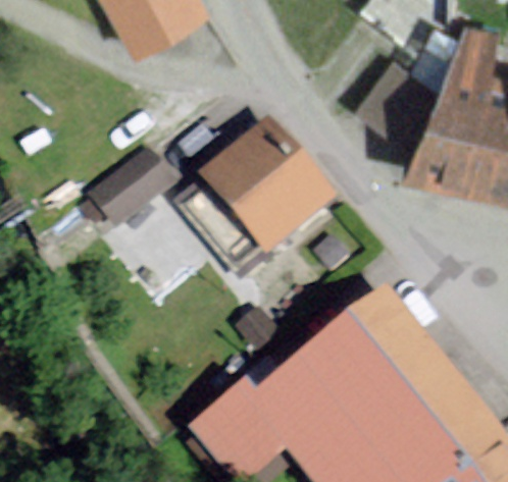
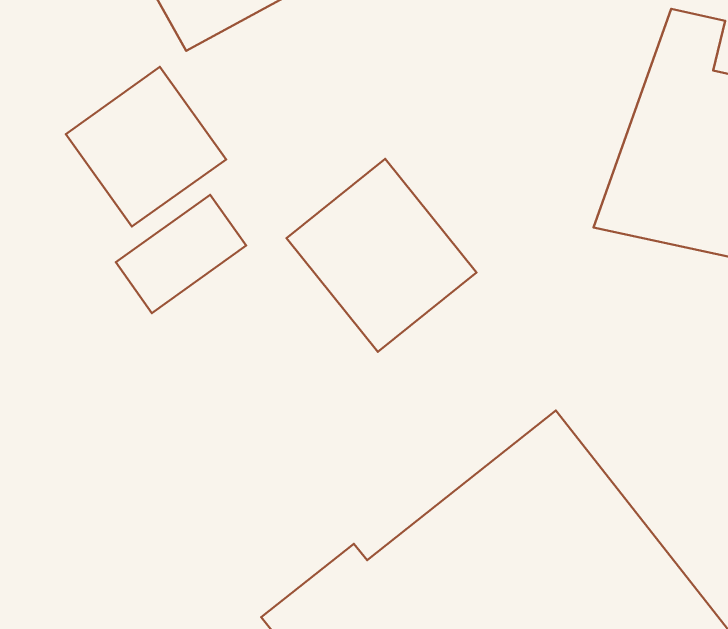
building: none -> [66,67,226,227]

